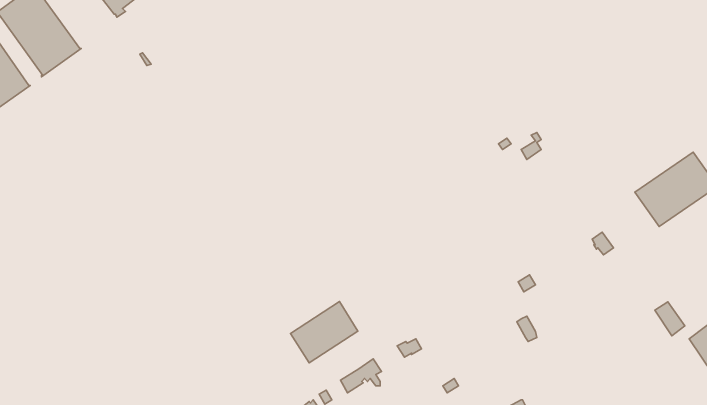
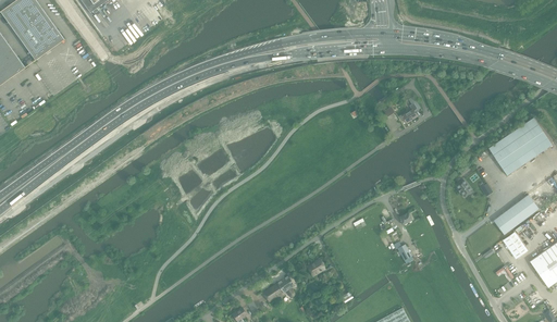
building: none -> [493,195,539,235]
building: [291,302,358,363] -> none

